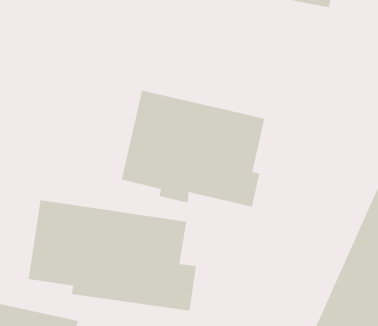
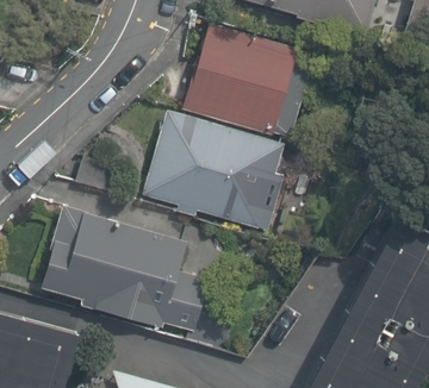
building: none -> [182,24,294,131]

